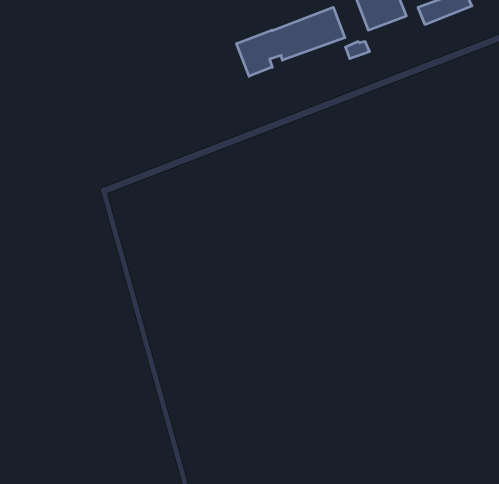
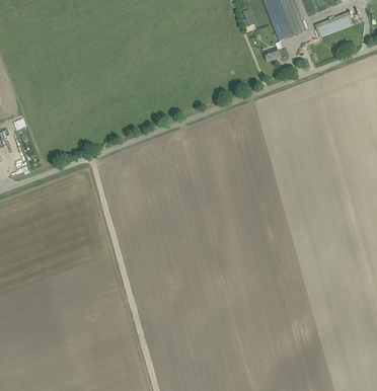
building: [237,7,345,76] -> none

